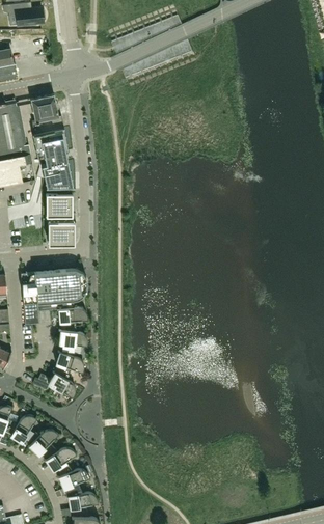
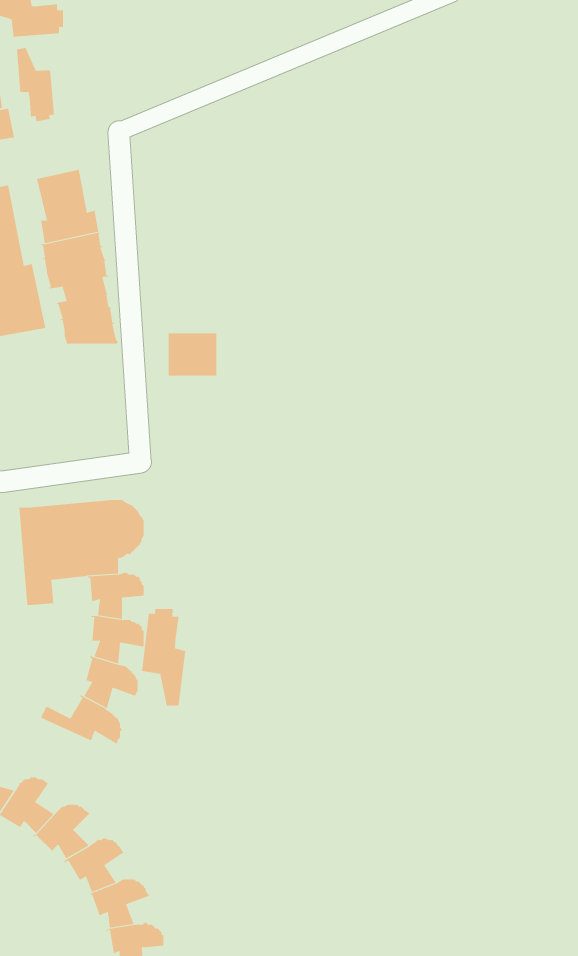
building: none -> [16,47,54,122]
building: [45,193,71,216] -> [168,333,217,376]
building: [47,222,73,246] -> none
building: none -> [142,608,186,707]

